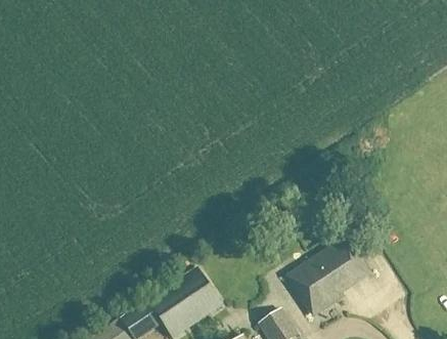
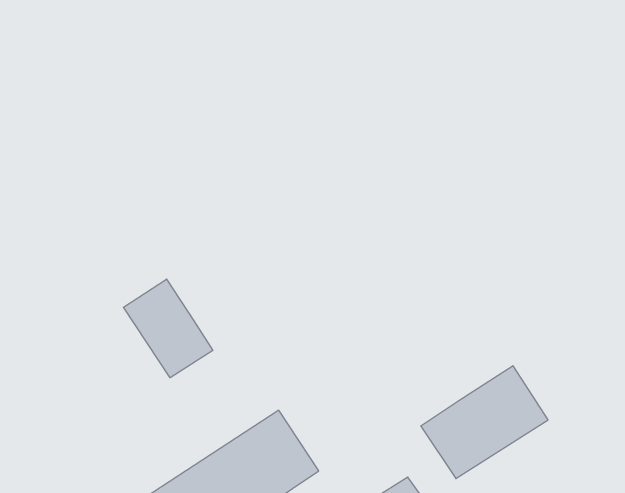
building: none -> [123,279,213,378]

